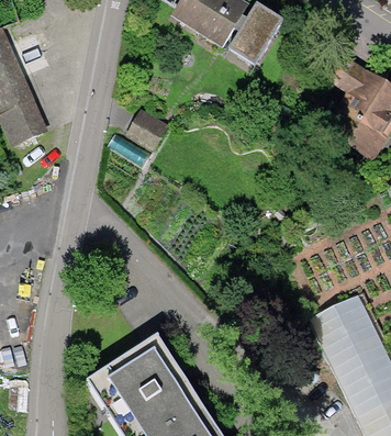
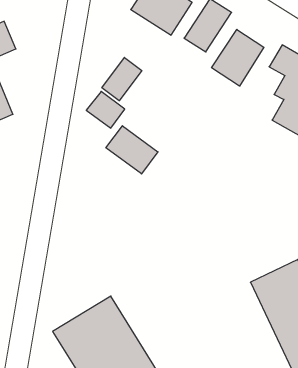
building: none -> [212,29,264,86]
building: none -> [102,57,142,101]
building: none -> [106,126,158,174]

